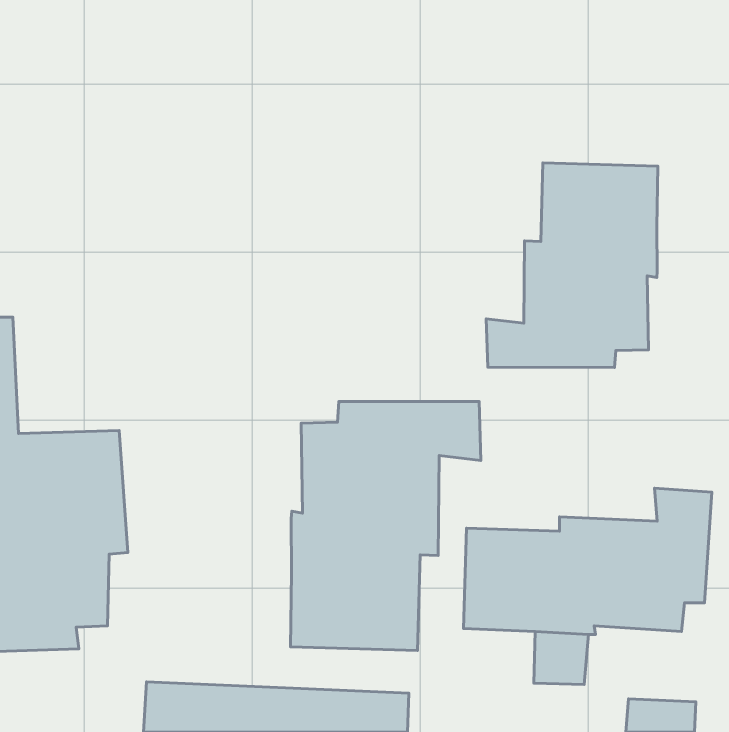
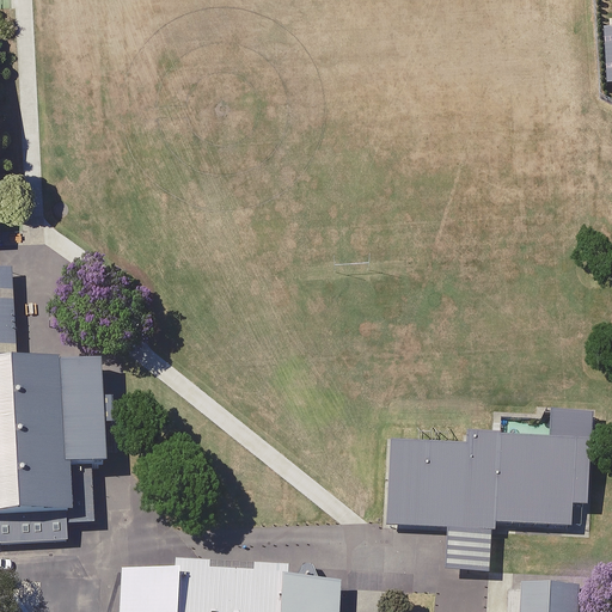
building: [486,163,658,367] -> none
building: [290,401,481,650] -> none

